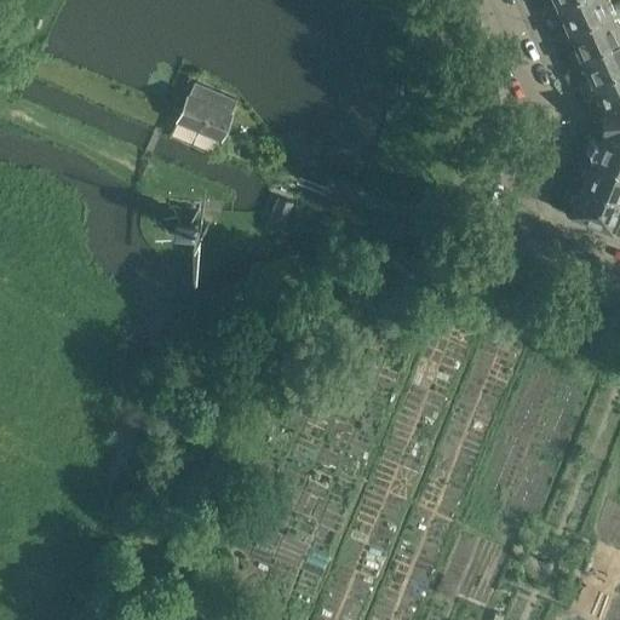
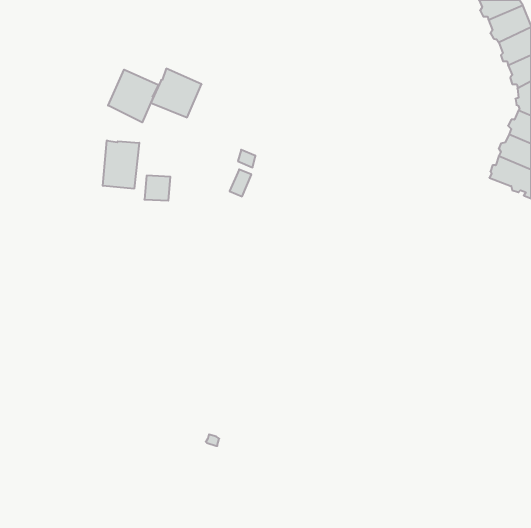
building: none -> [108,70,158,122]
building: none -> [103,140,139,189]

